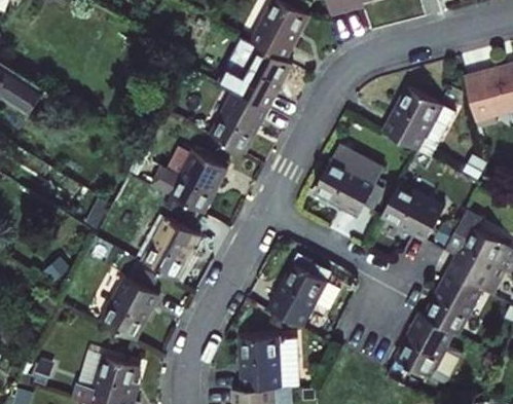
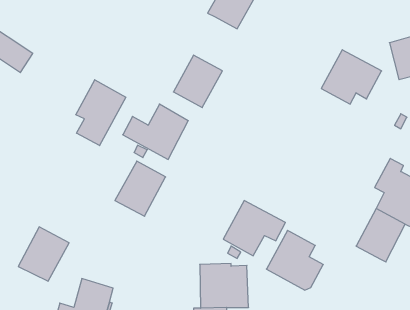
building: [232,46,291,110] -> none
building: none -> [76,80,126,146]
building: [314,144,382,216] -> none
building: [380,183,443,241] -> none
building: [100,277,159,340] -> [18,227,69,281]
building: [395,314,462,383] -> [266,230,323,290]

